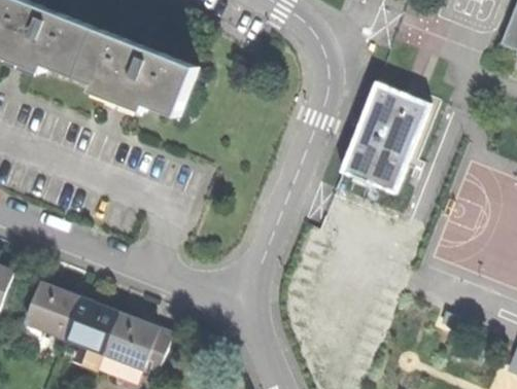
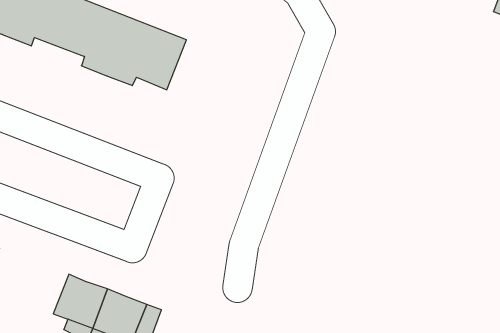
building: [340,80,429,190] -> none
building: [26,284,80,338] -> none

